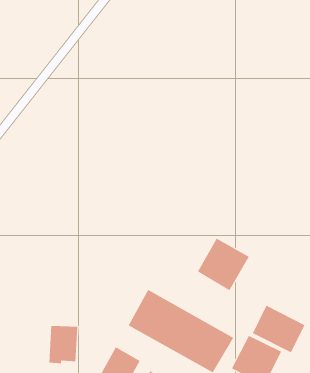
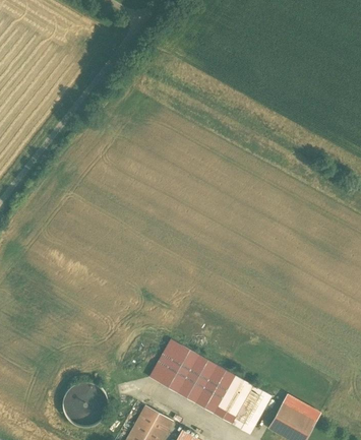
building: [197,238,250,291] -> none
building: [252,305,305,353] -> none

